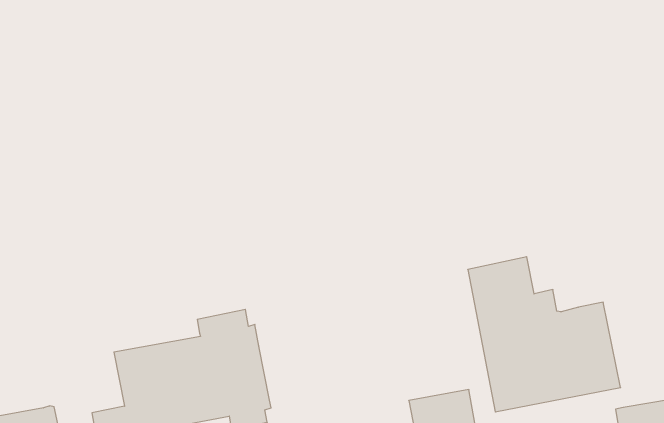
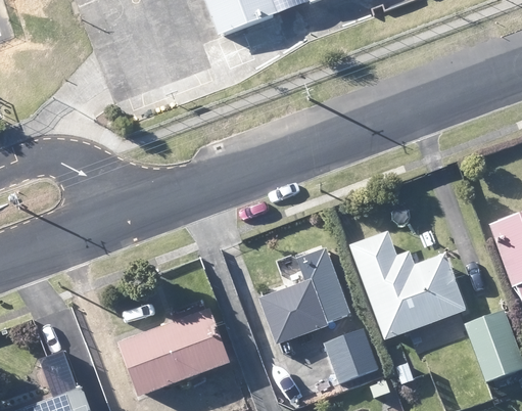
building: none -> [258,244,351,344]

